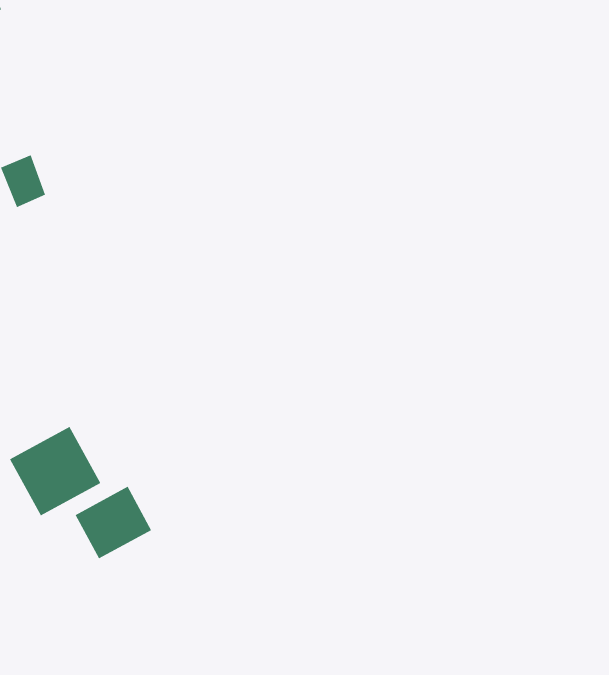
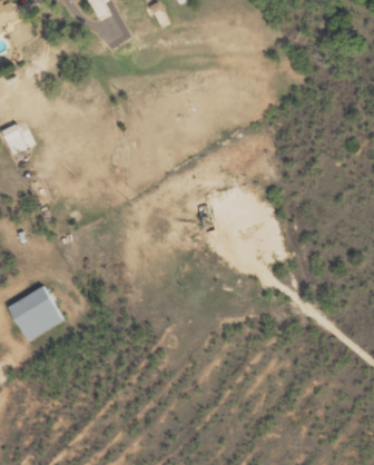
building: [75,486,152,559] -> none

